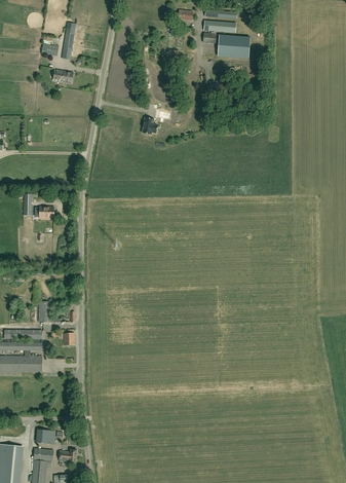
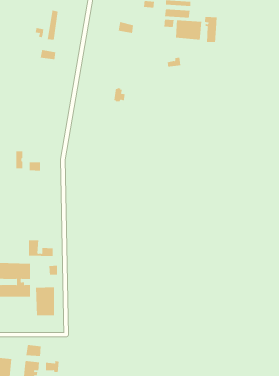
building: none -> [205,16,217,43]
building: none -> [36,287,55,316]

